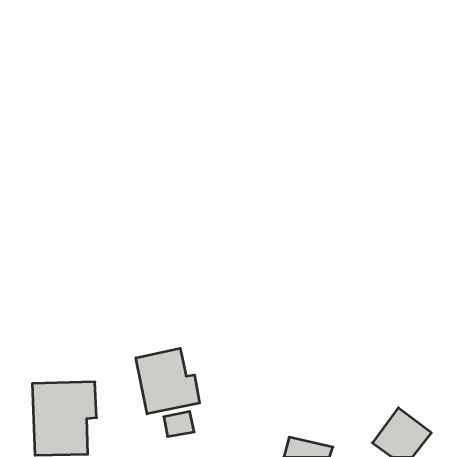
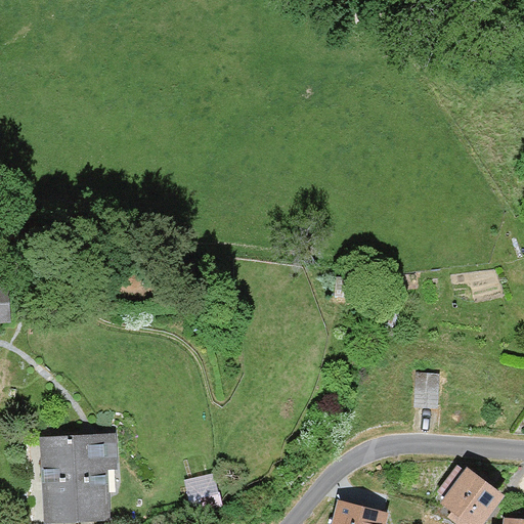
building: none -> [416,370,442,408]
building: [136,348,200,414] -> none

